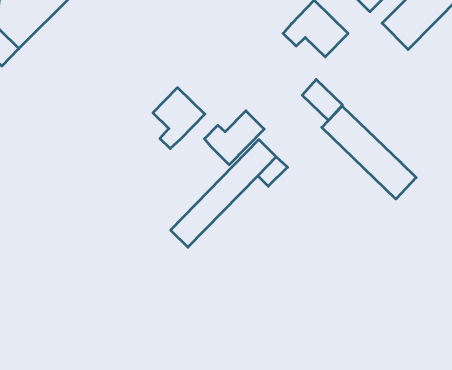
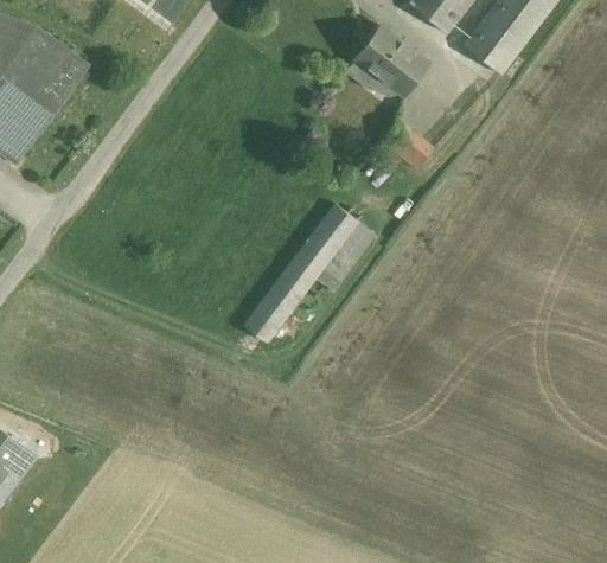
building: [153,88,205,149] -> none
building: [322,106,416,199] -> none
building: [204,111,264,165] -> none

